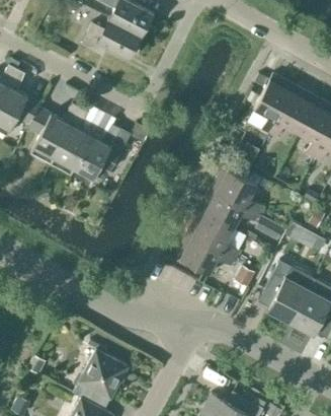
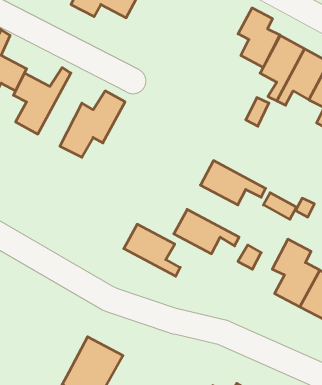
building: none -> [238,8,280,67]
building: [50,108,90,175] -> none
building: [211,165,262,213] -> none
building: [186,210,238,258] -> [124,224,180,276]

